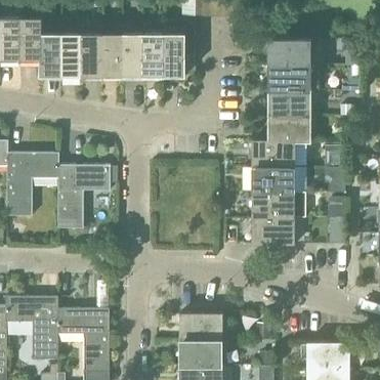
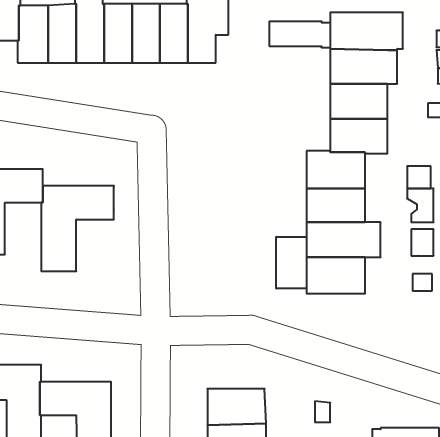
building: none -> [270,21,330,48]
building: none -> [276,237,307,289]

